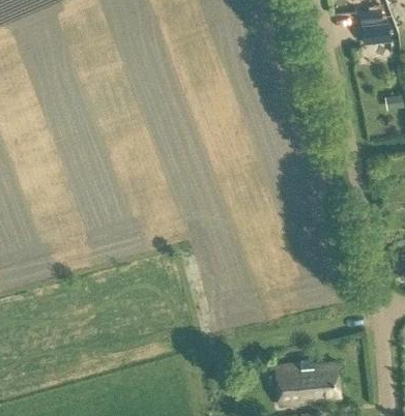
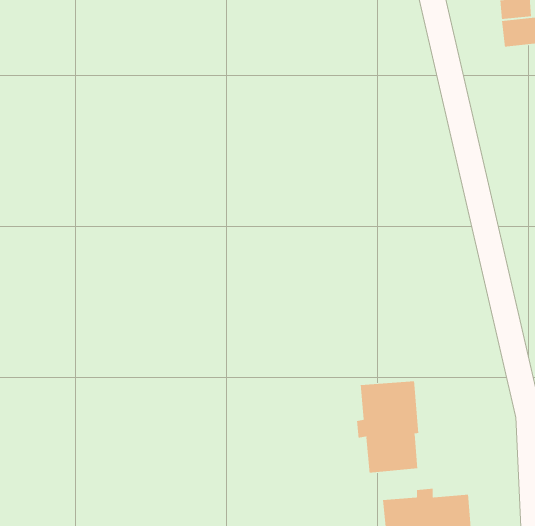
building: none -> [356,380,419,473]

